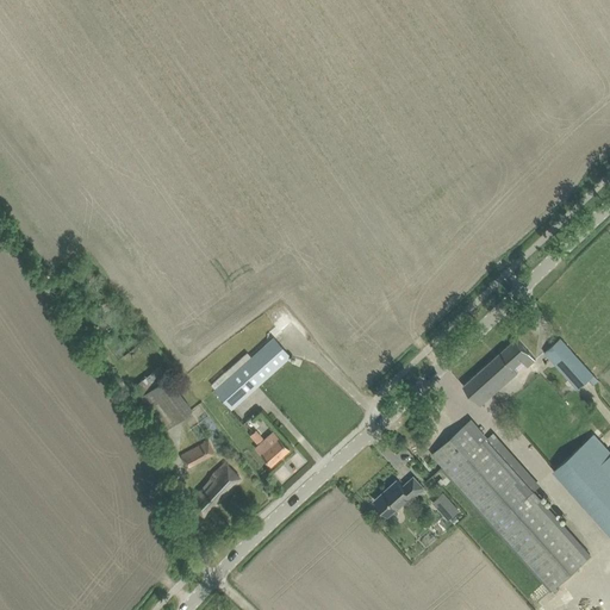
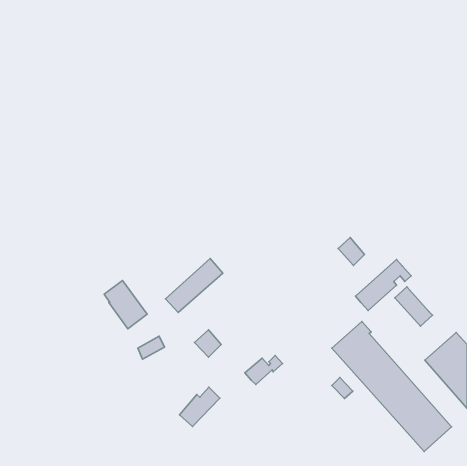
building: none -> [338,238,365,266]
building: [544,340,593,391] -> [395,287,432,326]
building: [188,466,241,517] -> [180,387,220,427]
building: [374,478,423,516] -> [245,355,282,385]

